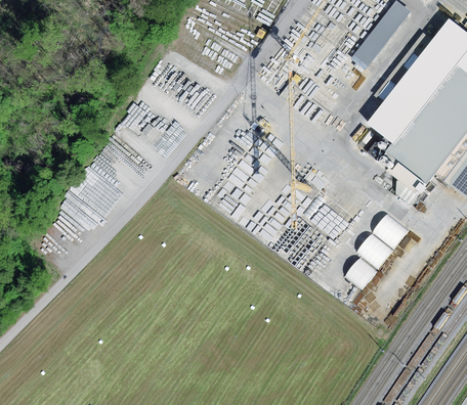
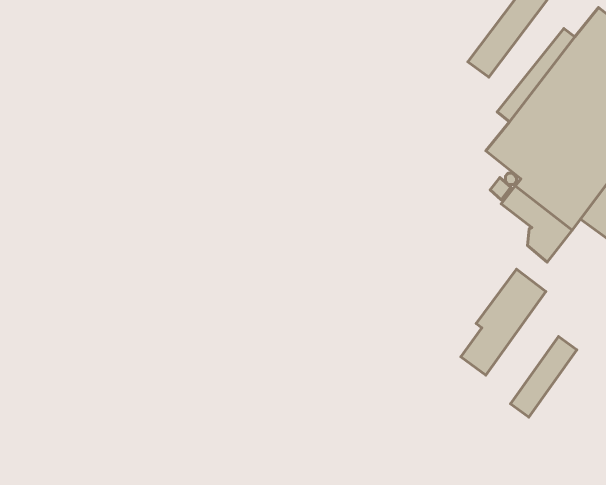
building: none -> [510,336,577,417]

